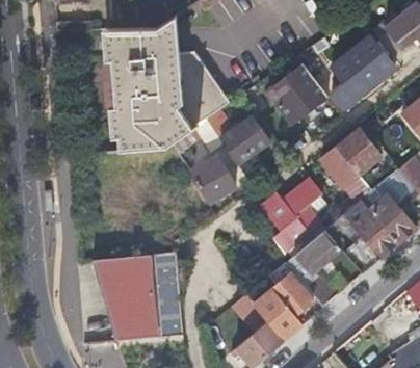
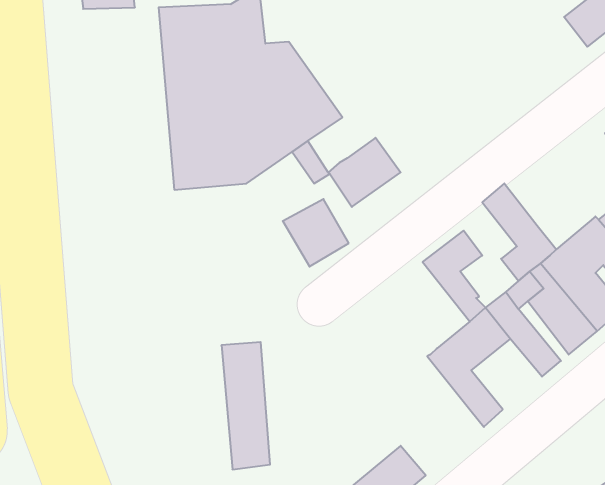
building: [331,35,395,107] -> none
building: [268,55,327,122] -> none
building: [337,129,380,174] -> none
building: [263,195,314,255] -> none
building: [94,253,157,339] -> none
building: [255,260,315,339] -> none

